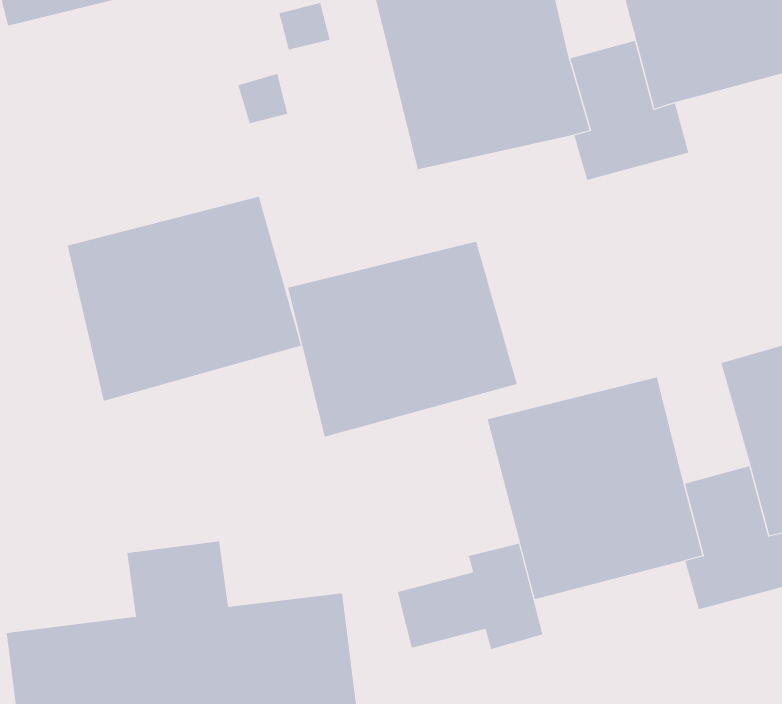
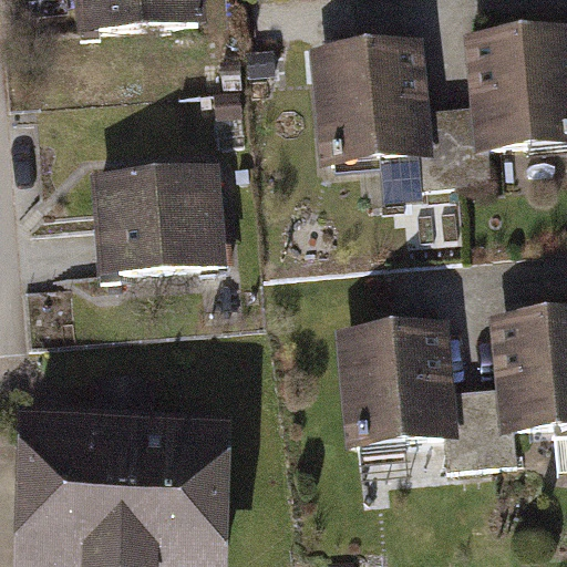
building: [287,241,518,437] -> none
building: [397,543,543,650] -> none

